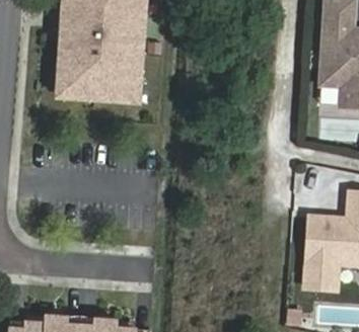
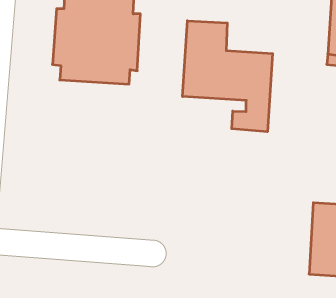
building: none -> [183,21,273,132]

